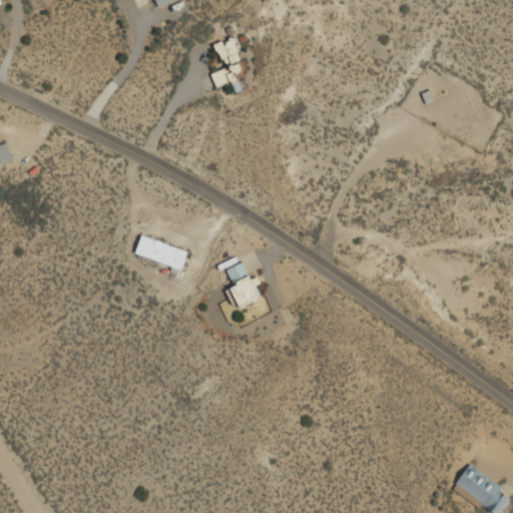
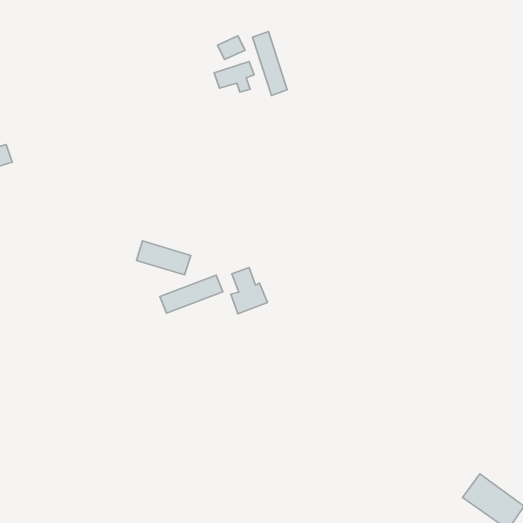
building: none -> [253,31,287,95]
building: none -> [160,275,223,313]

